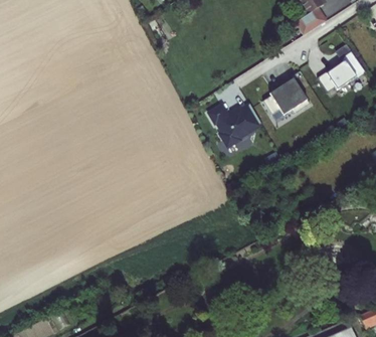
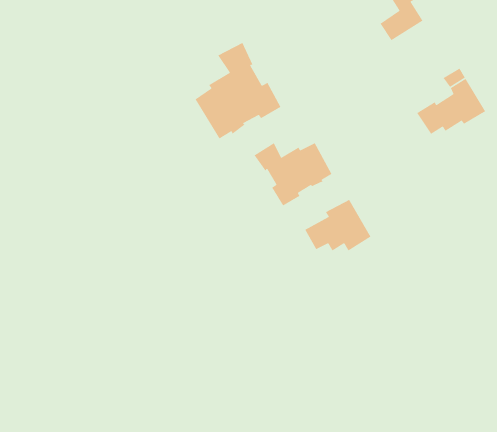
building: none -> [194,42,282,139]
building: [262,76,309,113] -> [304,199,372,251]

